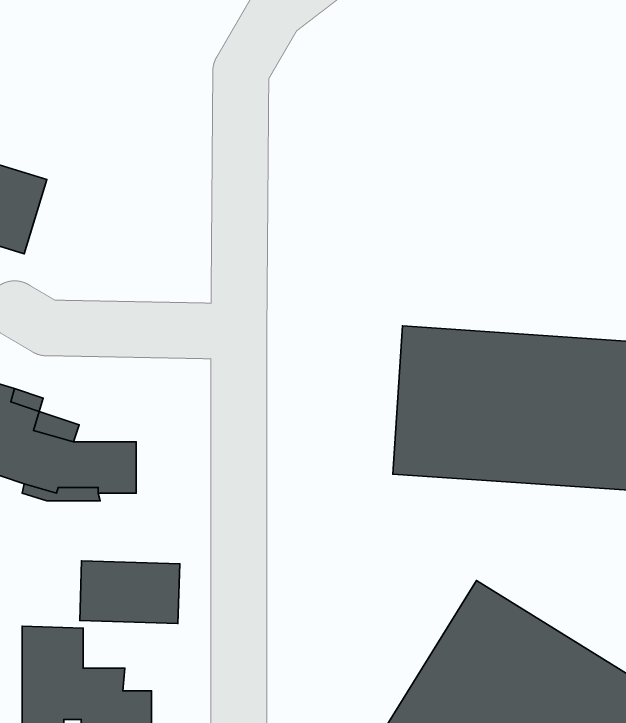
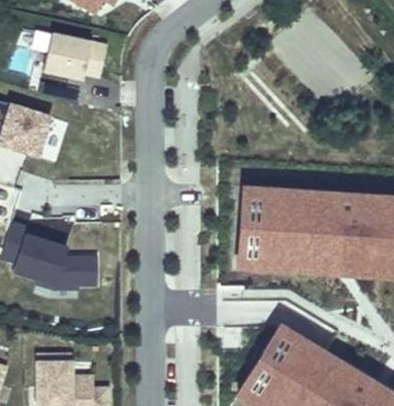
building: none -> [44,37,106,81]
building: [80,561,180,623] -> none

